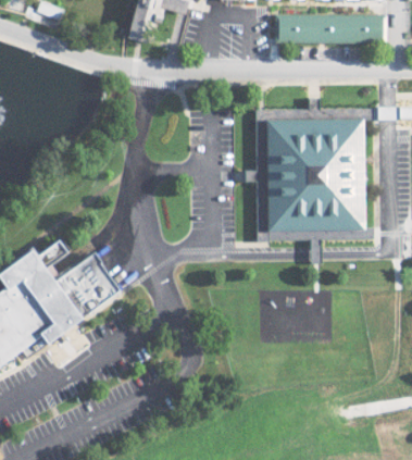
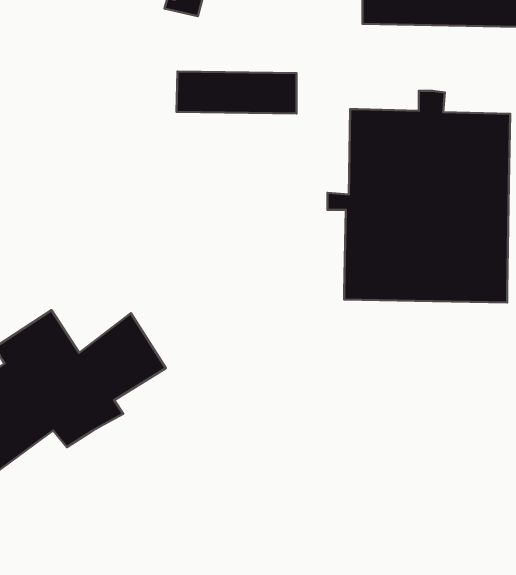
building: none -> [176,71,297,114]

